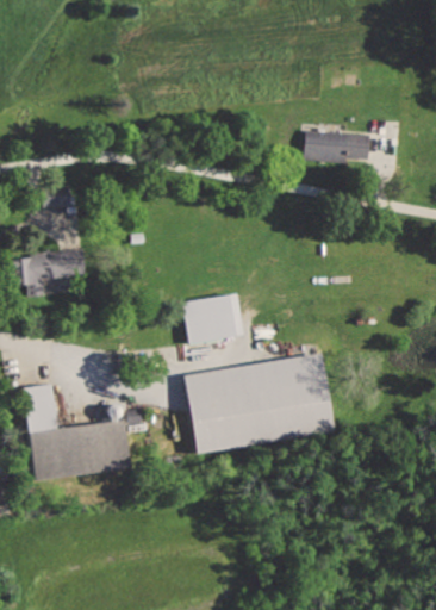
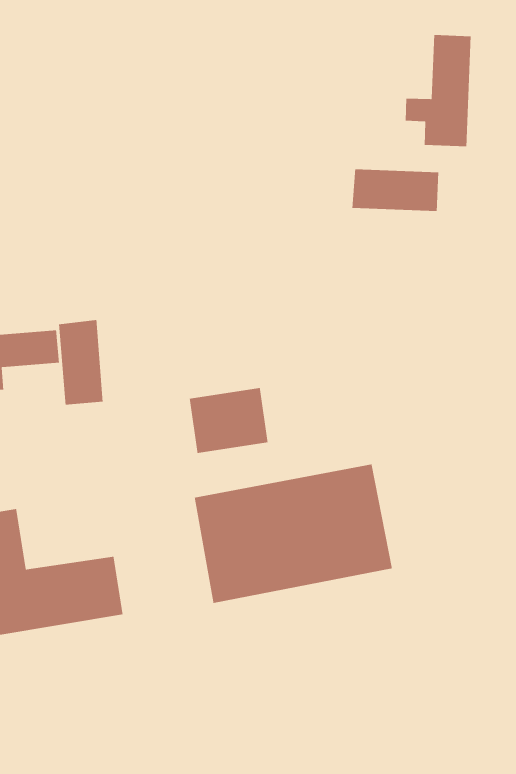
building: none -> [405,34,471,147]
building: none -> [58,319,104,406]

